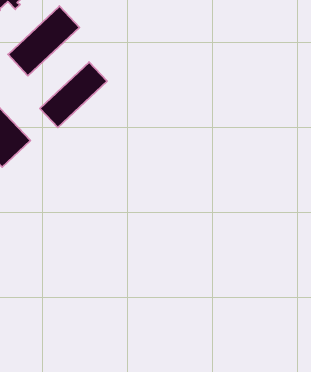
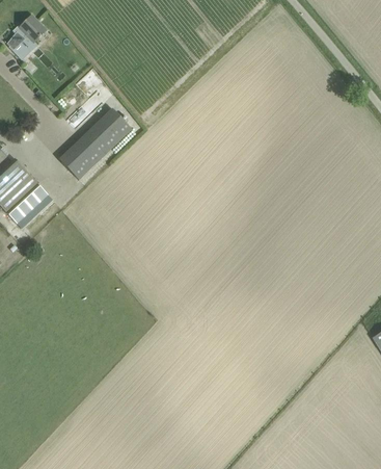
building: [8,6,79,76] -> none

